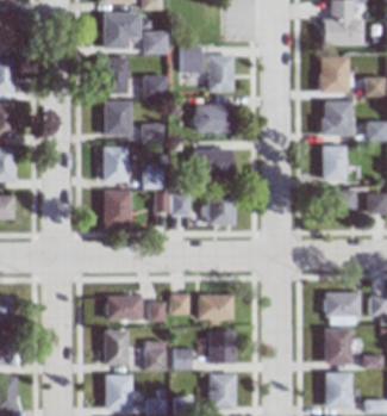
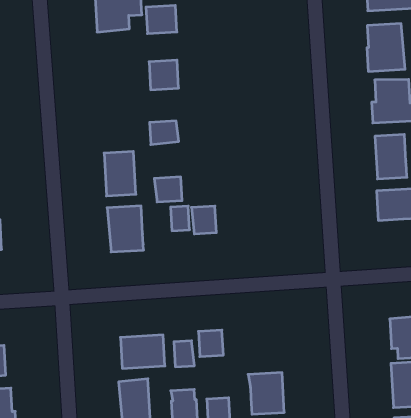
building: [182,45,204,73] -> none
building: [210,55,235,92] -> none
building: [104,56,129,94] -> none
building: [105,101,132,135] -> none
building: [195,104,235,131] -> none
building: [195,148,233,176] -> none
building: [208,190,236,225] -> none
building: [200,294,235,325] -> none

